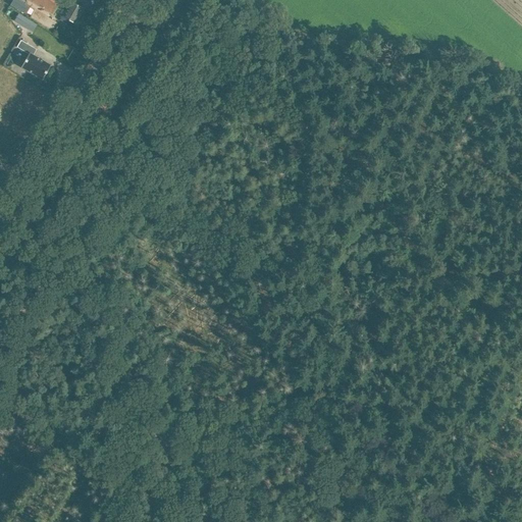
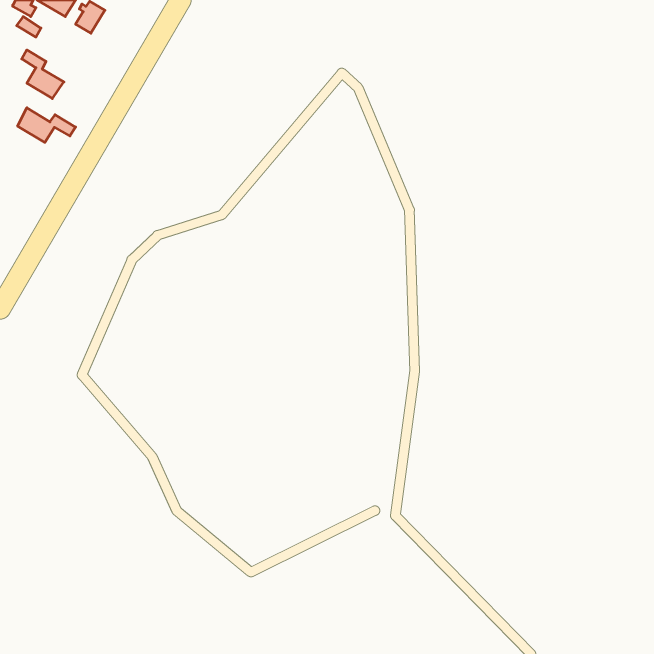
building: none -> [18,108,76,142]

